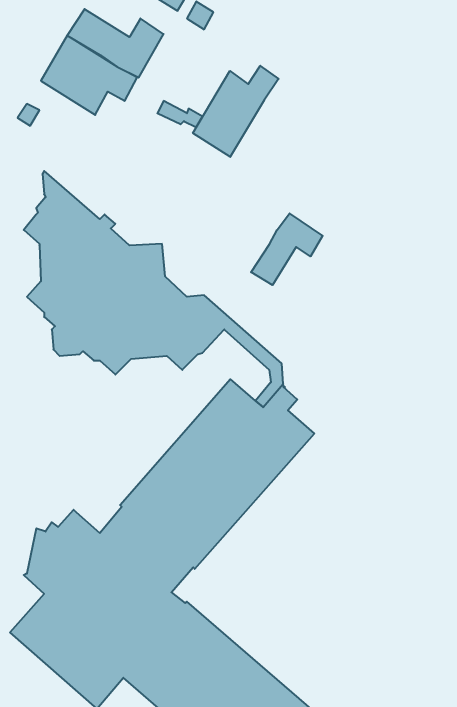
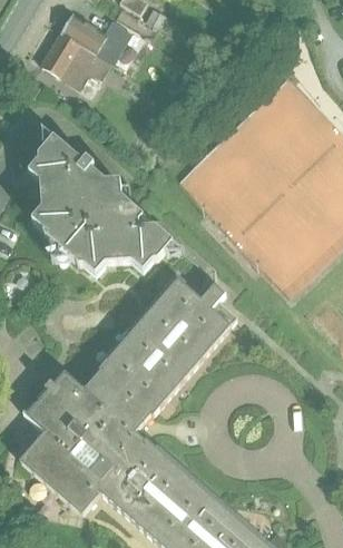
building: [193,66,279,157] -> none
building: [251,213,323,285] -> none

